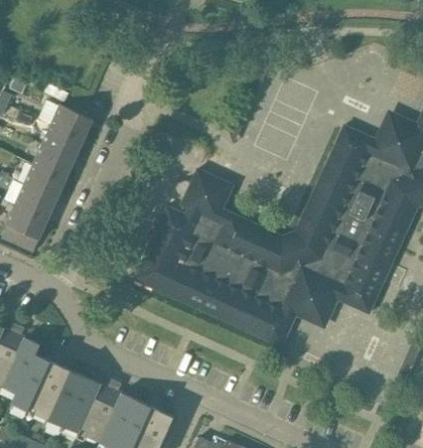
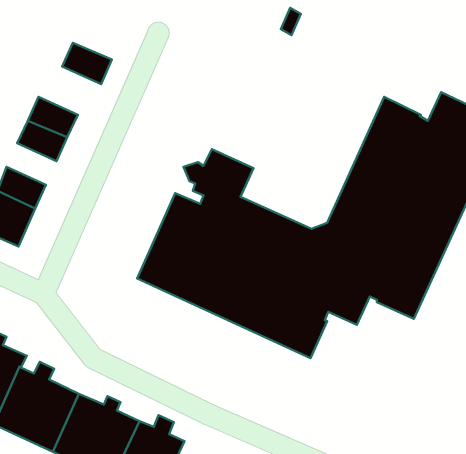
building: [50,106,93,141] -> [62,43,112,84]
building: [23,165,65,200] -> none

